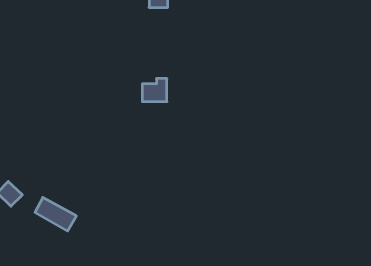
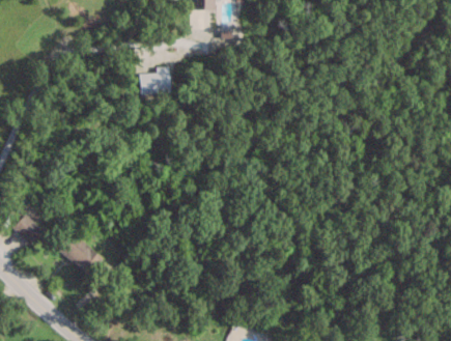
building: [142,79,167,102] -> [140,67,169,94]

